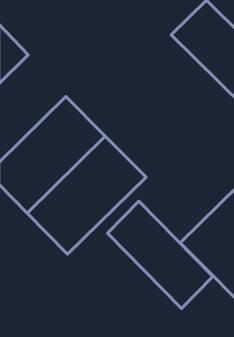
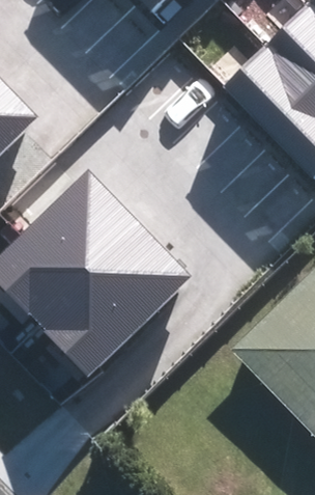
building: [108,201,213,308] -> none

